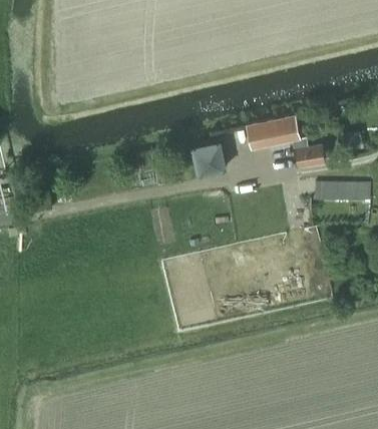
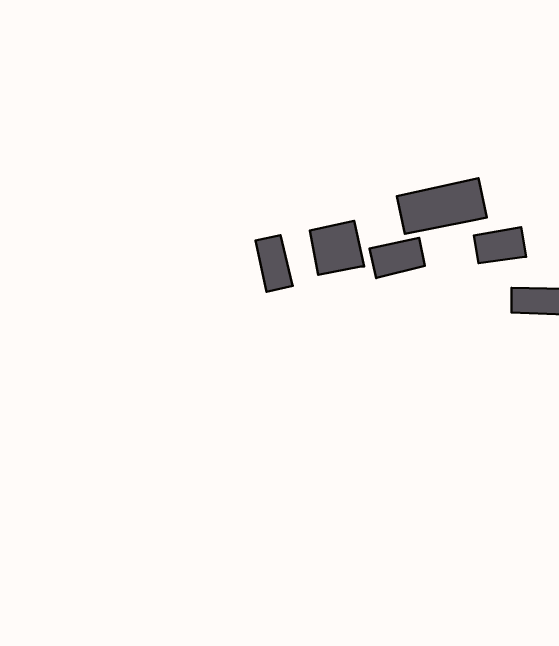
building: none -> [255,235,293,292]
building: none -> [370,238,425,278]

